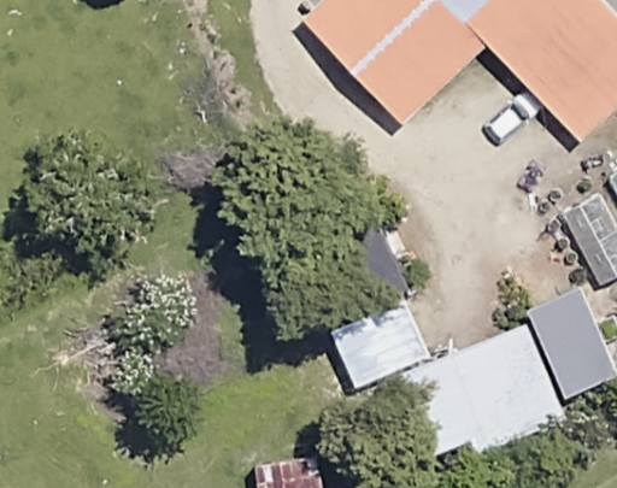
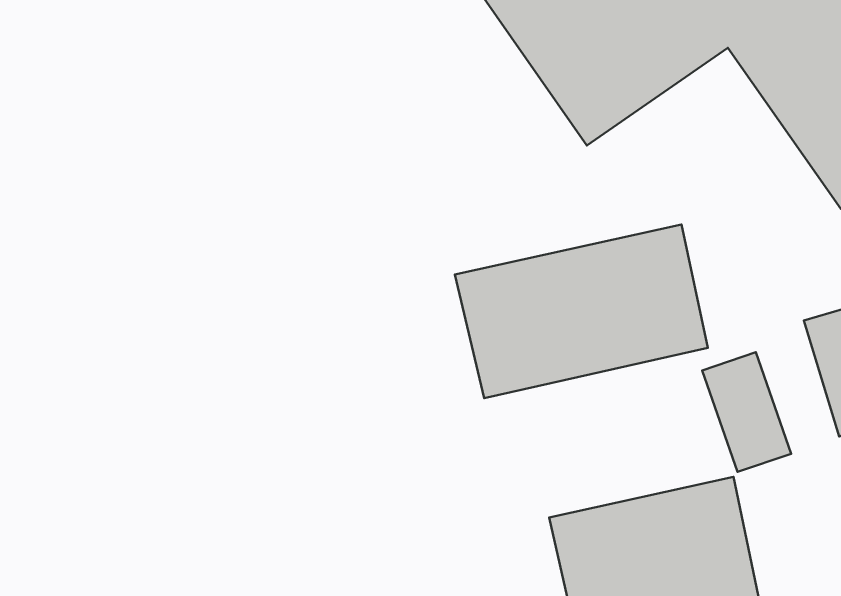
building: none -> [455,225,708,398]

